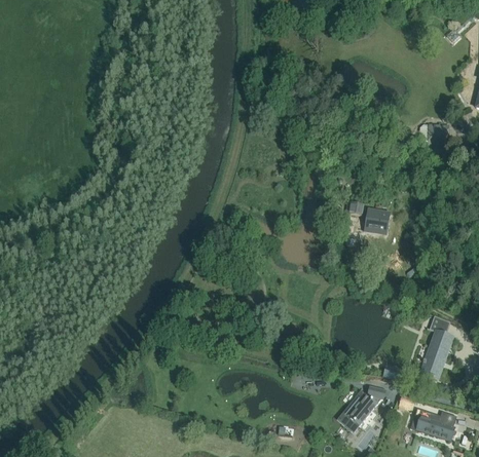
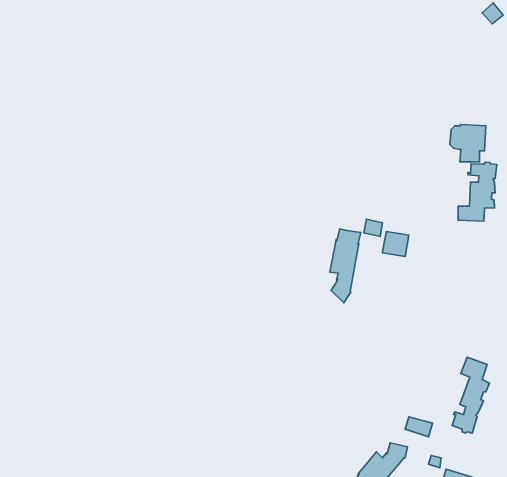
building: none -> [458,162,497,221]
building: none -> [330,229,361,303]

